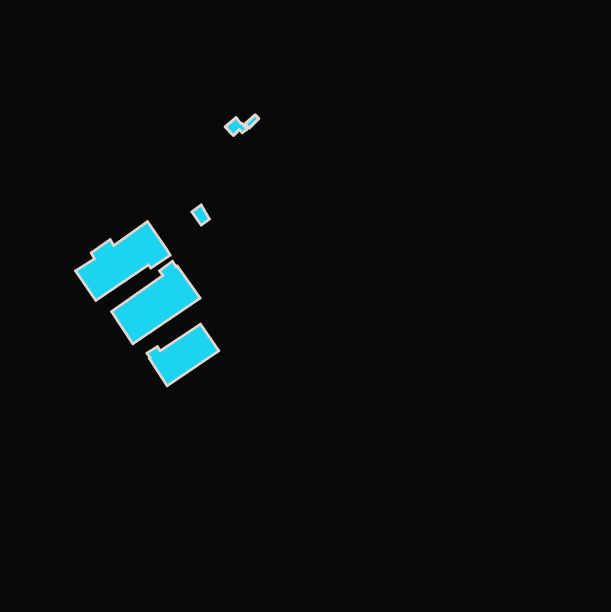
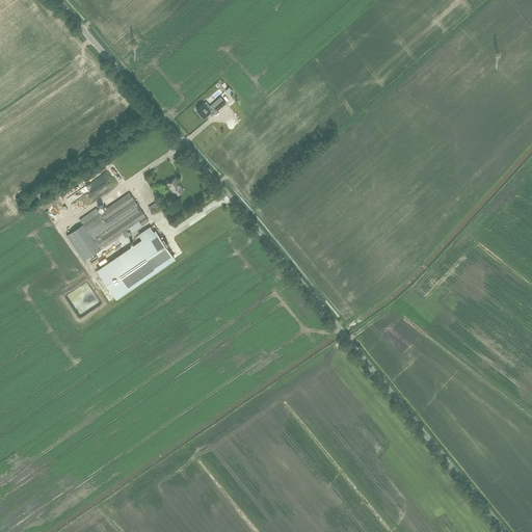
building: [147,324,219,386] -> none

